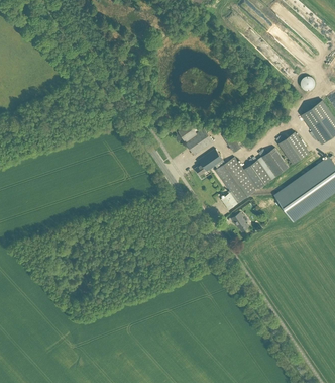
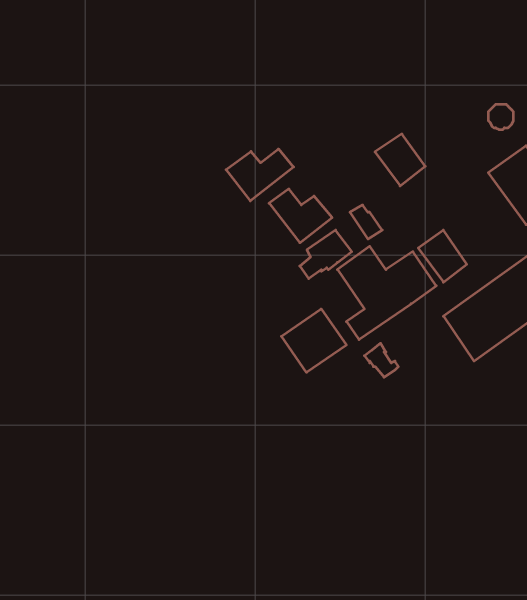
building: none -> [226,149,294,201]
building: [278,134,307,164] -> [375,134,425,186]
building: none -> [281,309,346,372]

